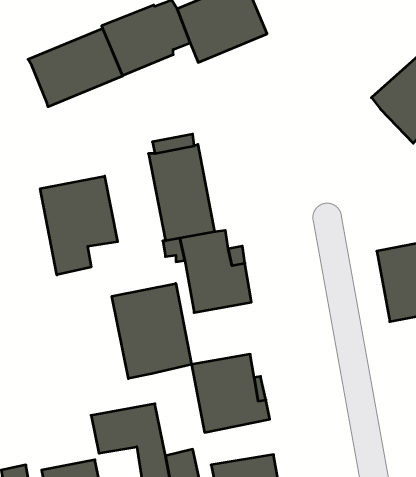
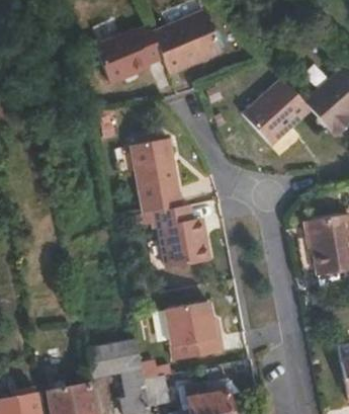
building: [28,29,123,107] -> none
building: none -> [242,78,310,145]
building: [40,176,118,275] -> none
building: [112,283,191,379] -> none

